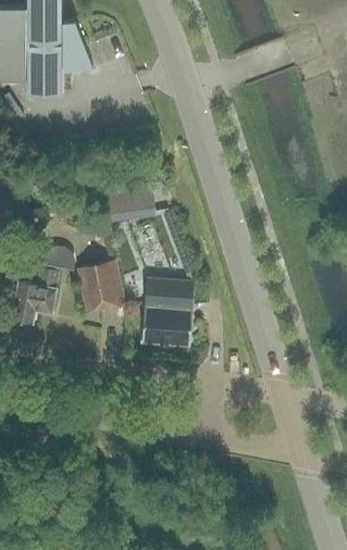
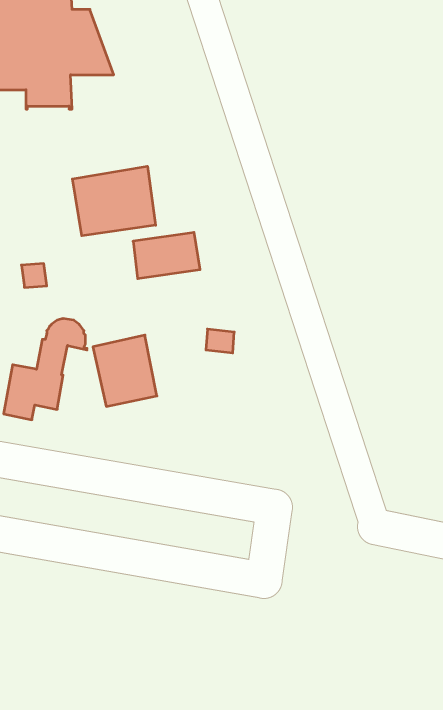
building: none -> [72,166,156,236]
building: [141,277,195,346] -> none

